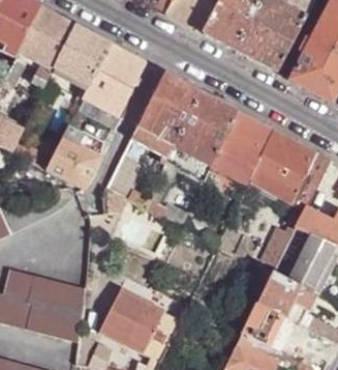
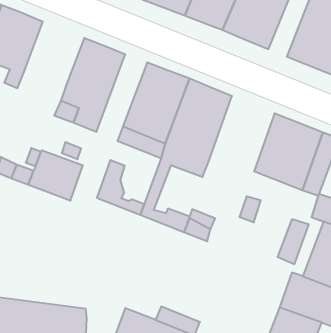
building: [55,25,111,84] -> none
building: [210,110,273,186] -> none

